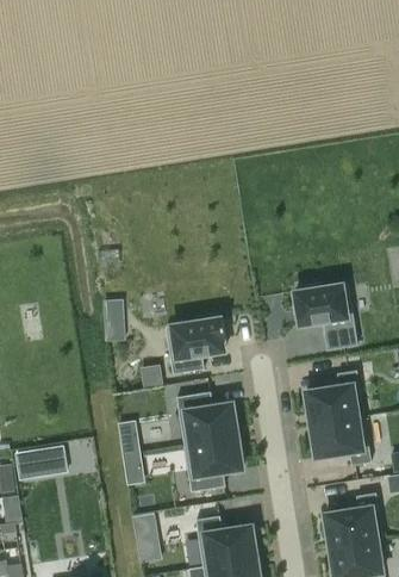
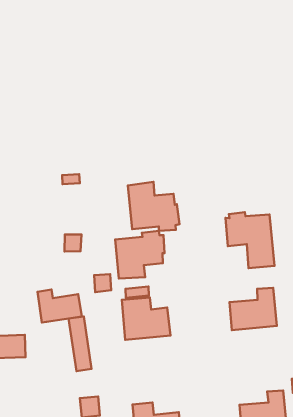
building: none -> [128,182,179,231]
building: none -> [38,289,82,322]
building: [310,416,370,465] -> none
building: [183,435,242,490] -> none

